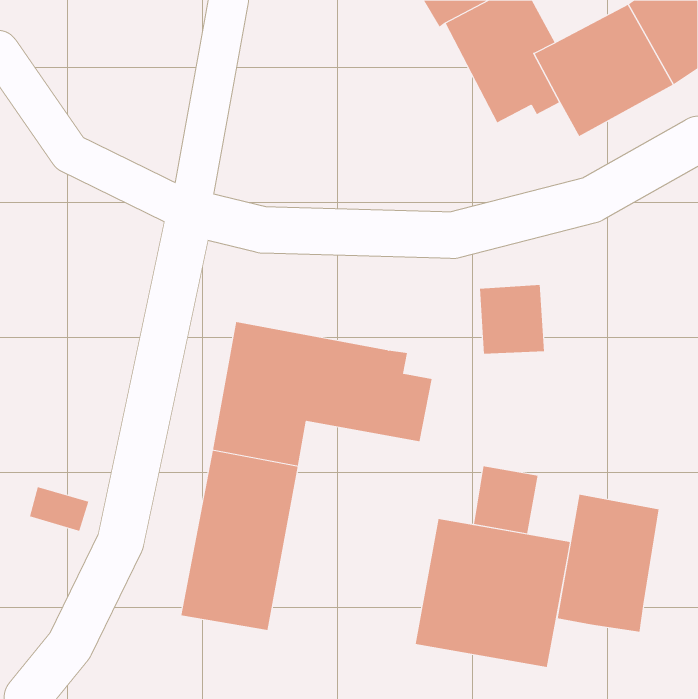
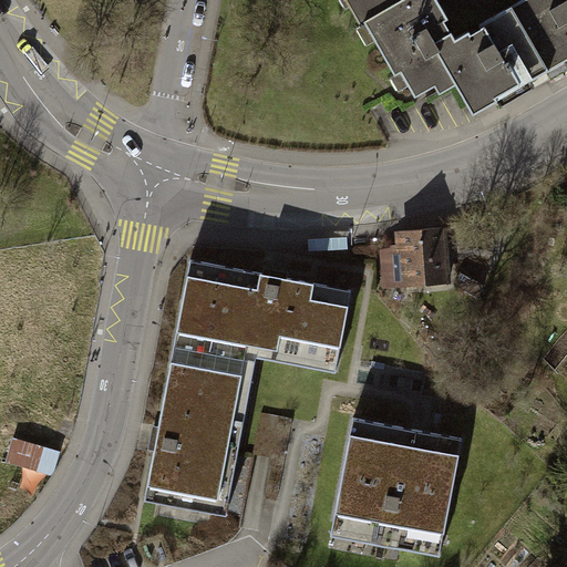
building: [474,465,538,534] -> none
building: [29,486,89,532] -> [6,436,54,473]
building: [557,494,659,632] -> none

